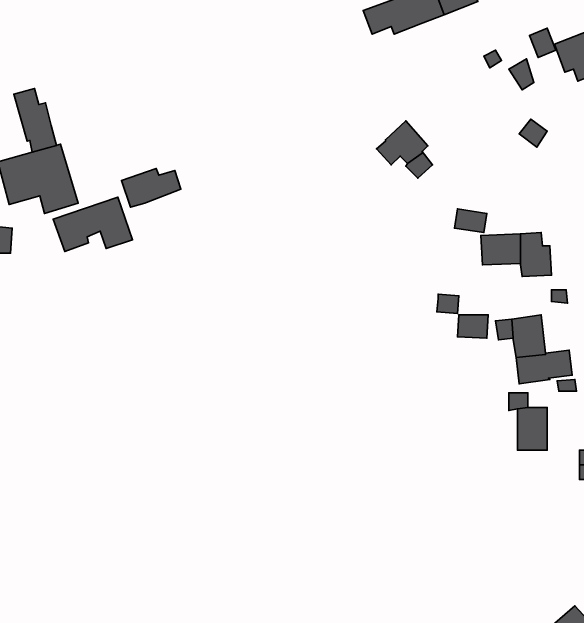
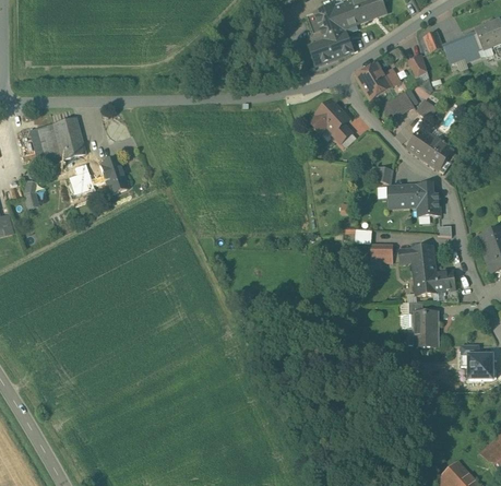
building: none -> [312,27,351,62]
building: none -> [355,62,399,99]
building: [14,88,57,152] -> none
building: none -> [380,91,414,120]
building: none -> [407,127,452,173]
building: [121,169,181,207] -> none

